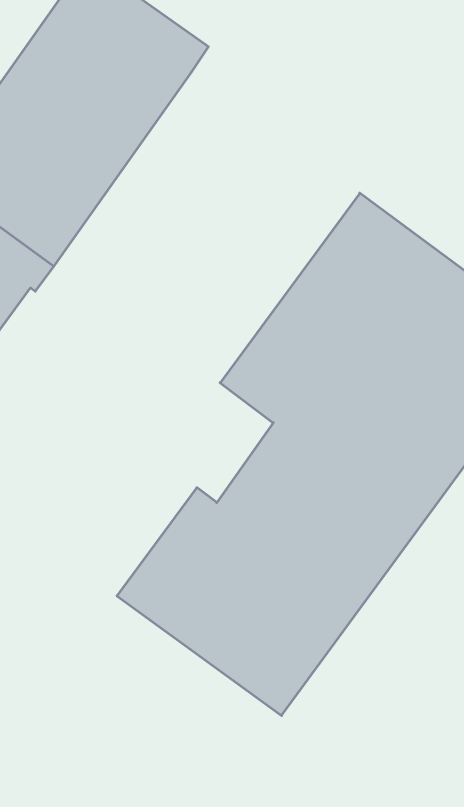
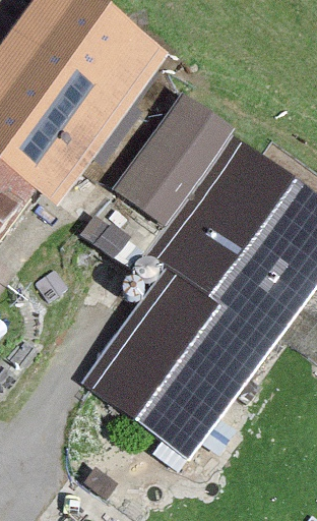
building: none -> [83,98,231,268]

